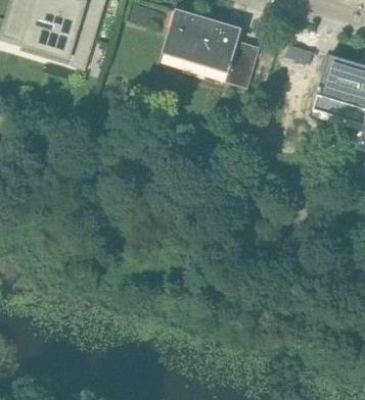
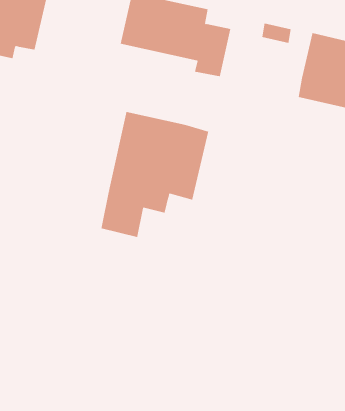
building: none -> [101,111,209,238]

